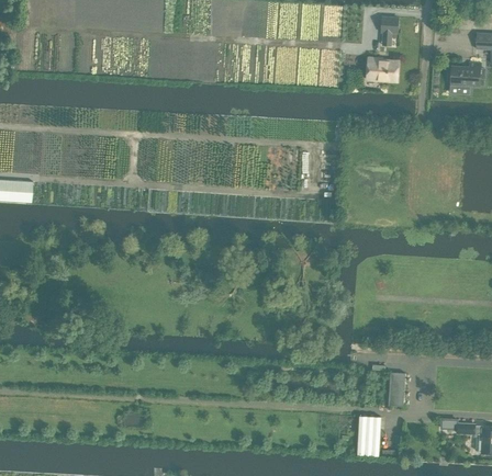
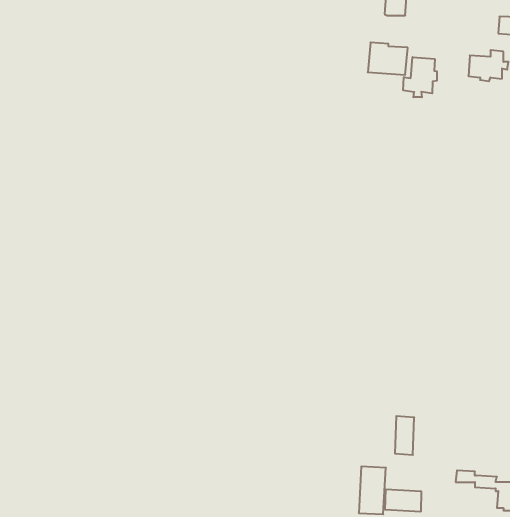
building: none -> [403,57,437,97]
building: none -> [385,489,421,512]

